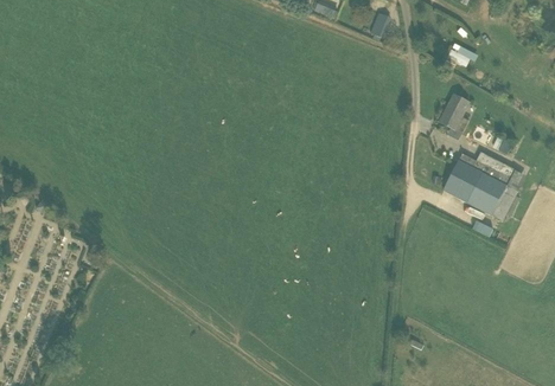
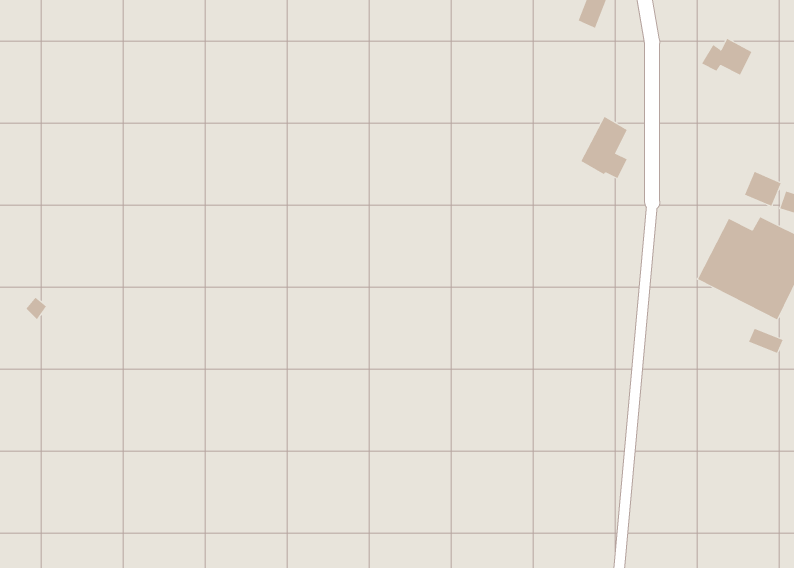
building: [438,94,466,131] -> [581,116,628,179]

